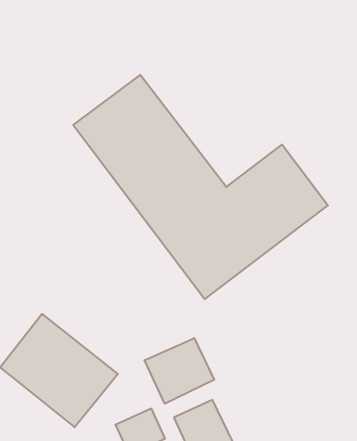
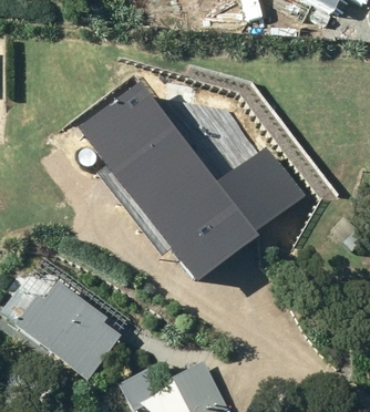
building: [145,338,214,404] -> none

